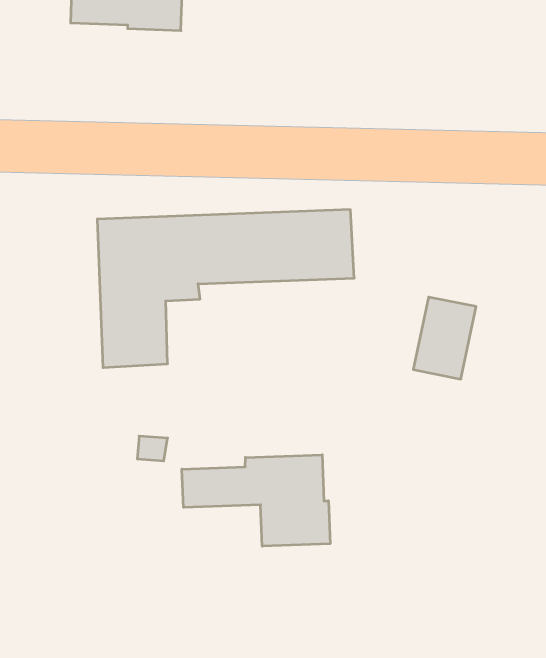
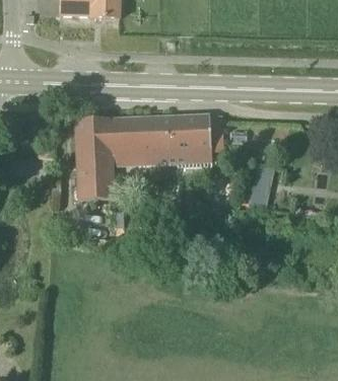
building: [182,455,330,546] -> none

